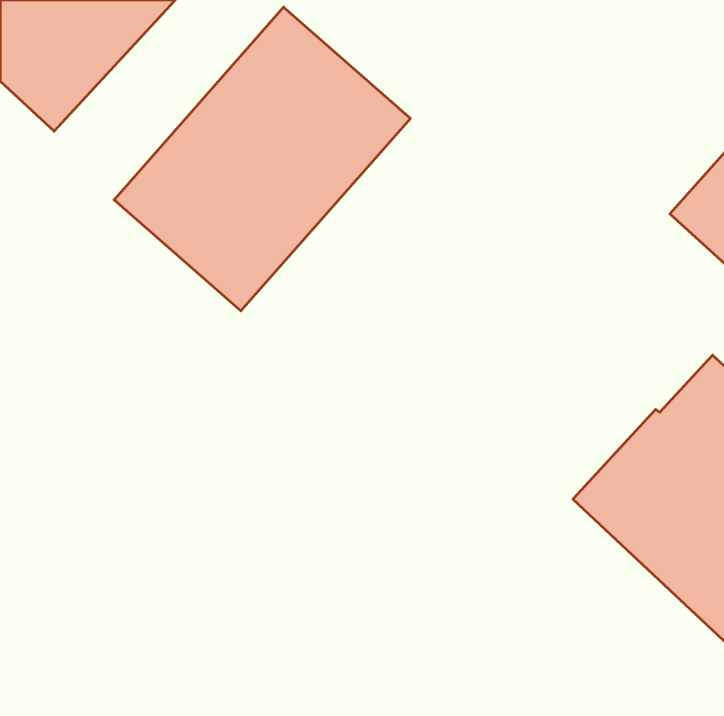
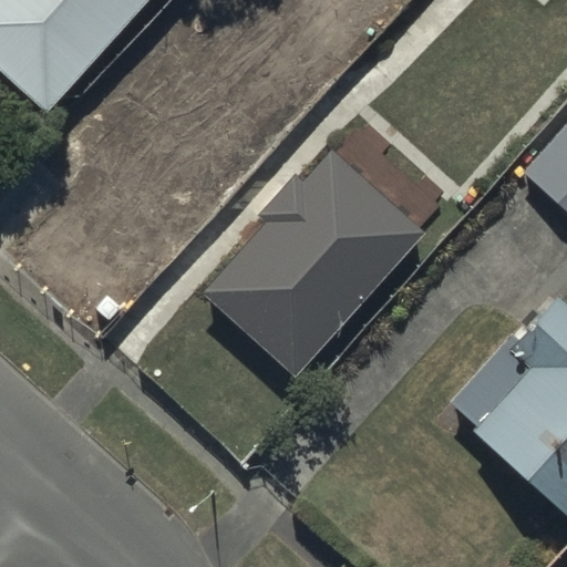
building: none -> [205,155,419,373]

